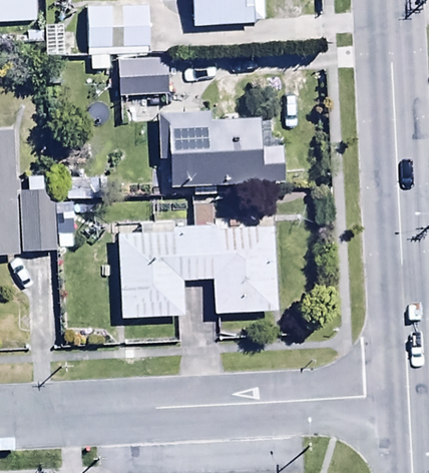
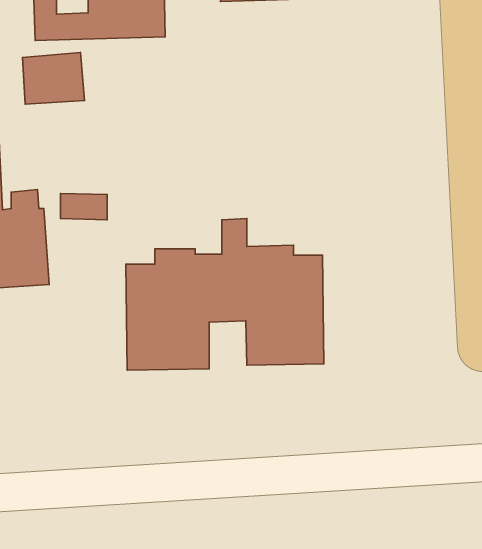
building: [120,55,169,96] -> [23,52,84,104]
building: [158,109,286,184] -> none

